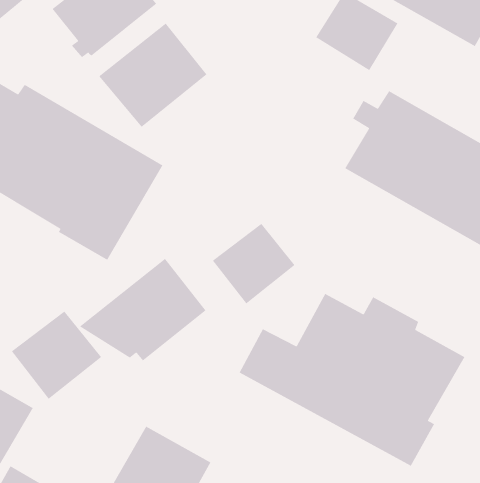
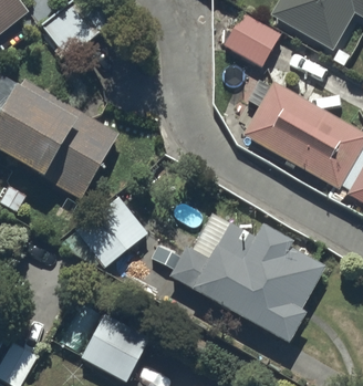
building: [98,22,207,128] -> none
building: [212,223,295,305] -> none
building: [11,310,102,400] -> none

